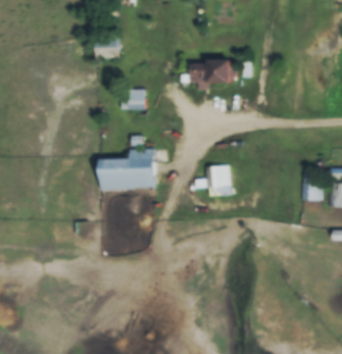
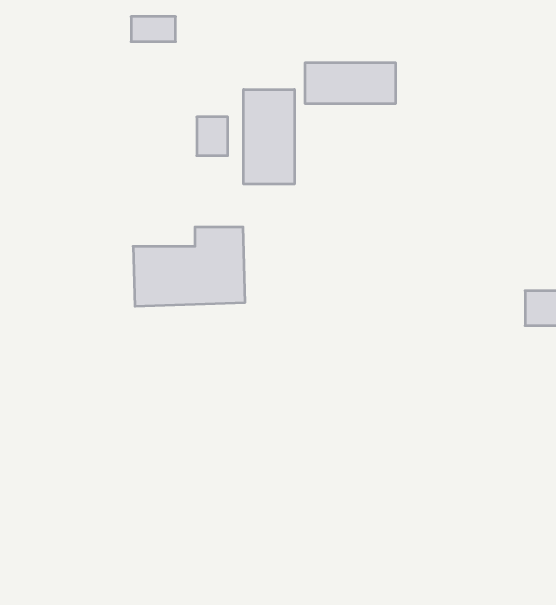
building: none -> [244,89,294,184]
building: [210,165,230,195] -> none

